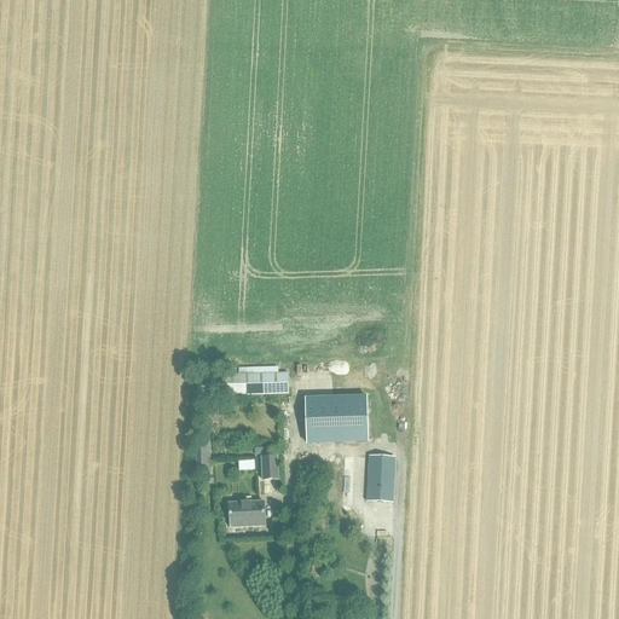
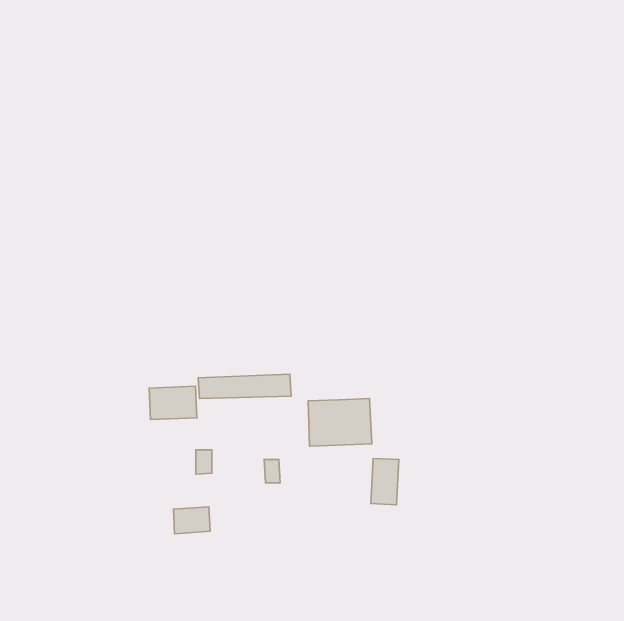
building: none -> [149,386,197,420]
building: [227,499,264,526] -> [173,507,210,534]

